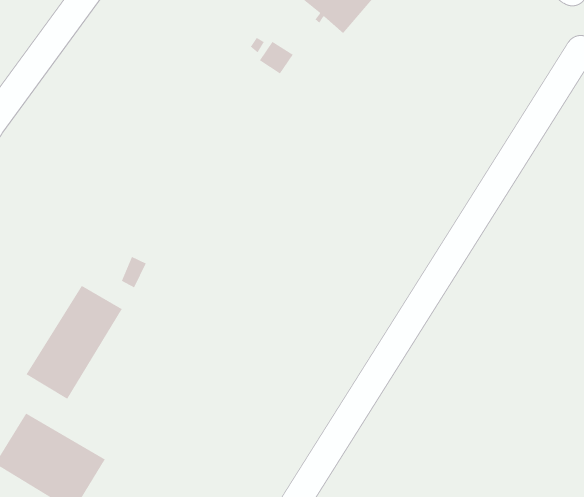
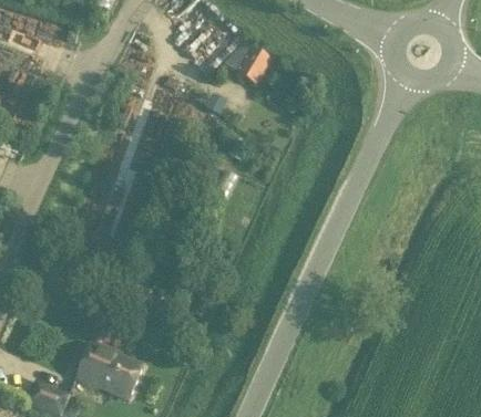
building: [25,285,123,400] -> none

